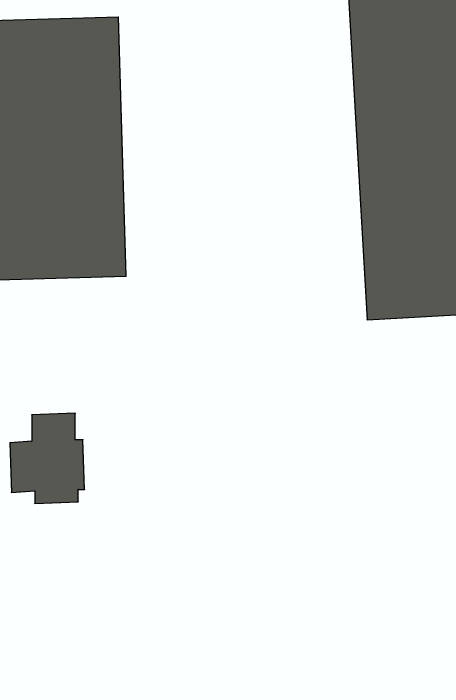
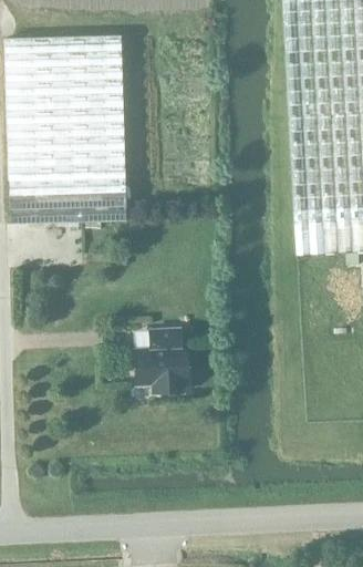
building: [10,413,85,503] -> [133,329,186,393]

